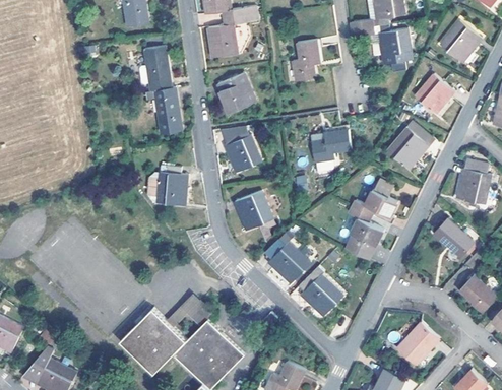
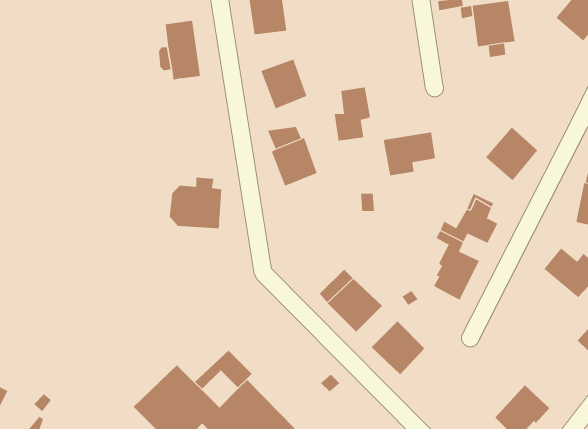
building: [292,39,320,80] -> [334,87,371,141]
building: [416,72,455,113] -> none
building: [154,86,181,132] -> none
building: [234,190,271,230] -> none

